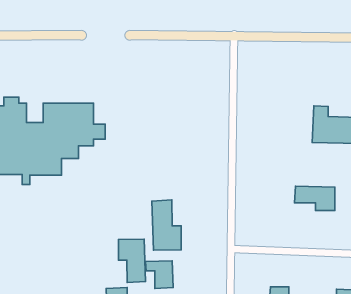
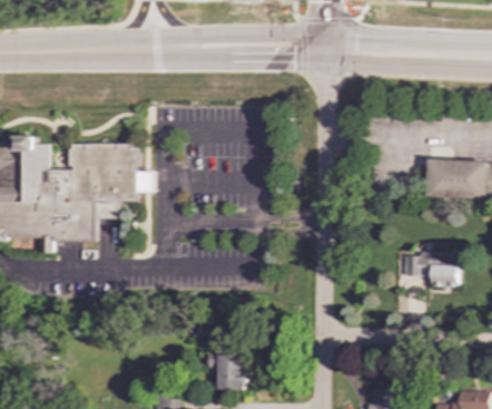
building: [152,200,181,250] -> none
building: [118,239,146,283] -> none

